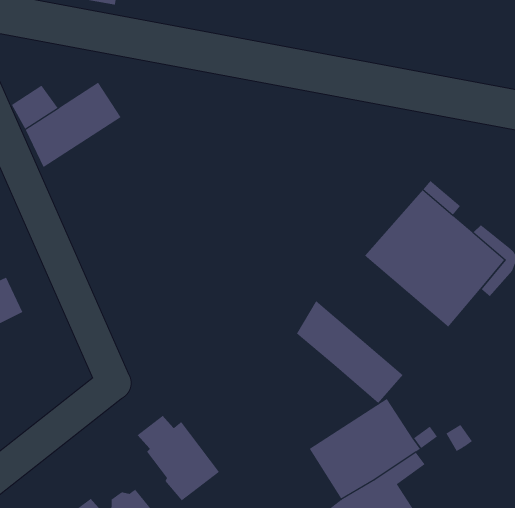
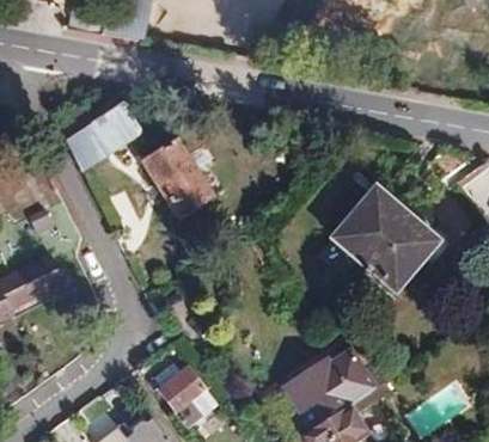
building: none -> [142,141,210,217]
building: [296,300,403,404] -> none

